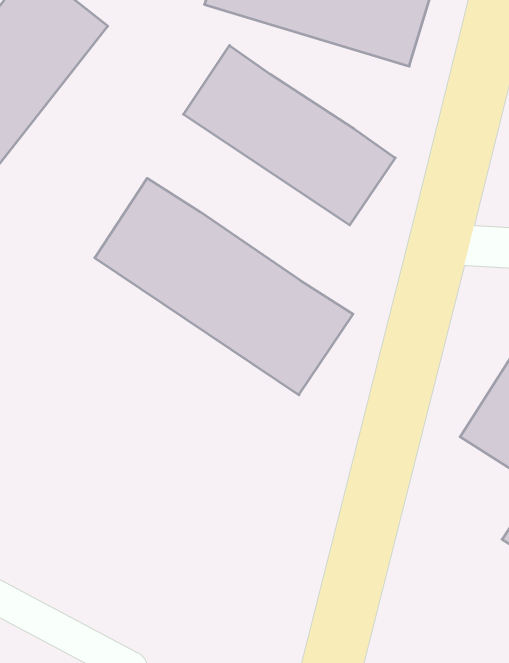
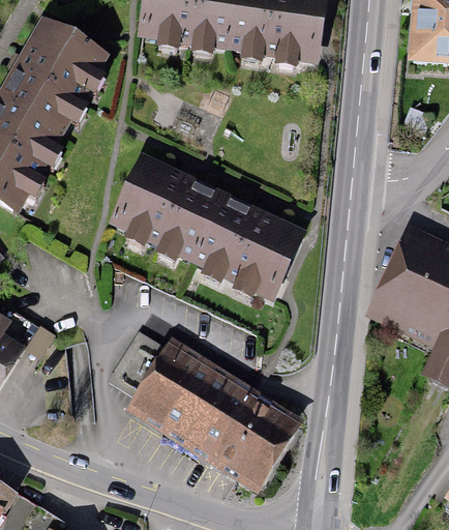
building: [183,45,395,225] -> none
building: none -> [115,334,291,480]

